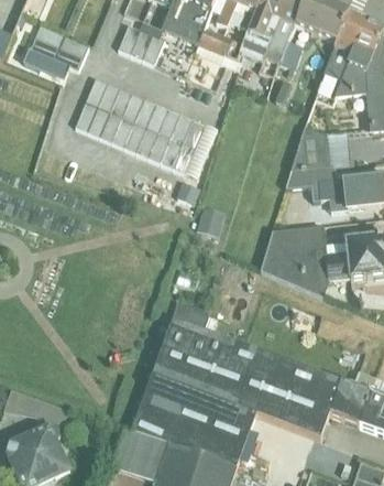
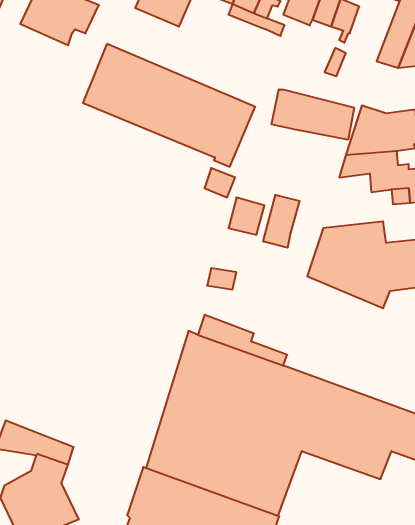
building: none -> [271,89,354,140]
building: none -> [263,195,300,248]

